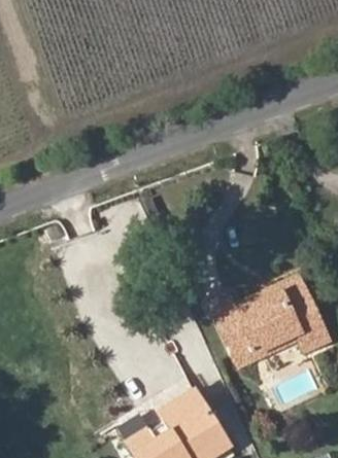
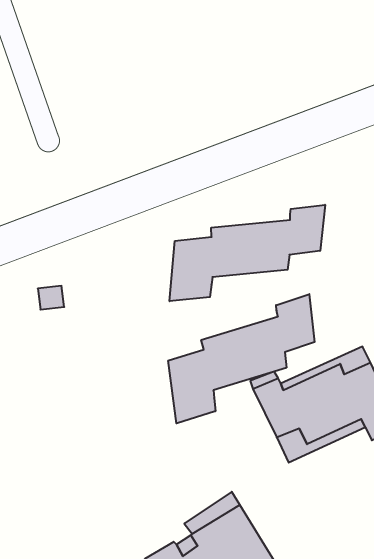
building: none -> [170,205,325,301]
building: none -> [168,294,315,423]

